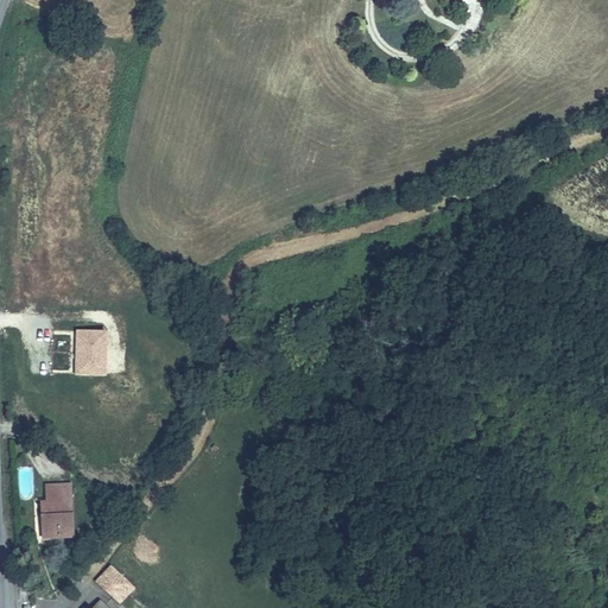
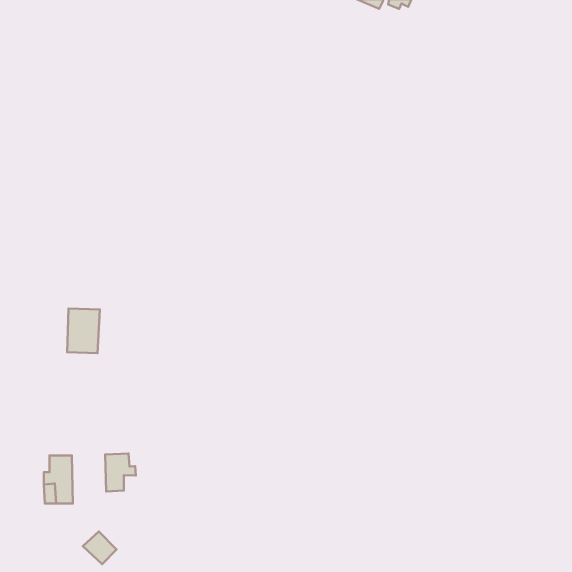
building: none -> [105,454,136,491]

